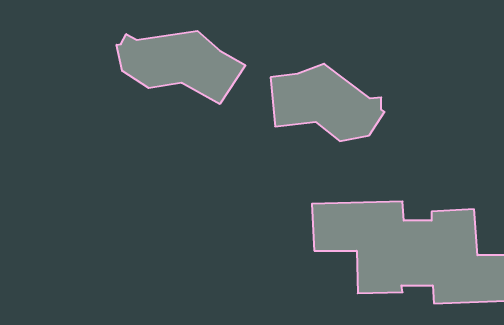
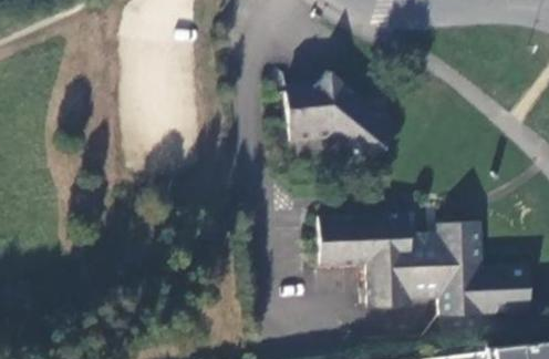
building: [117,31,245,104] -> none

